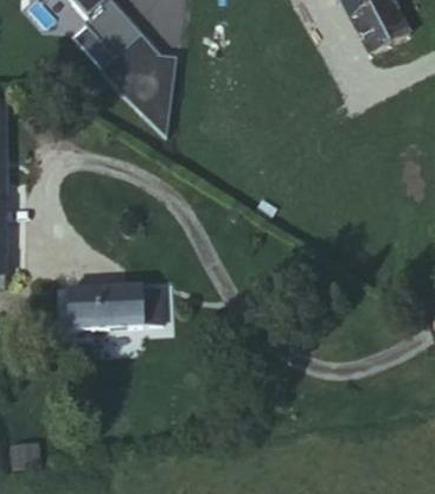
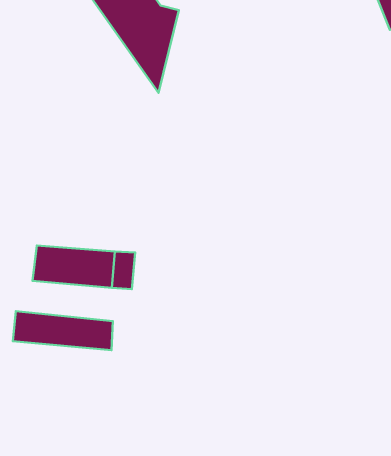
building: none -> [13,311,113,350]

